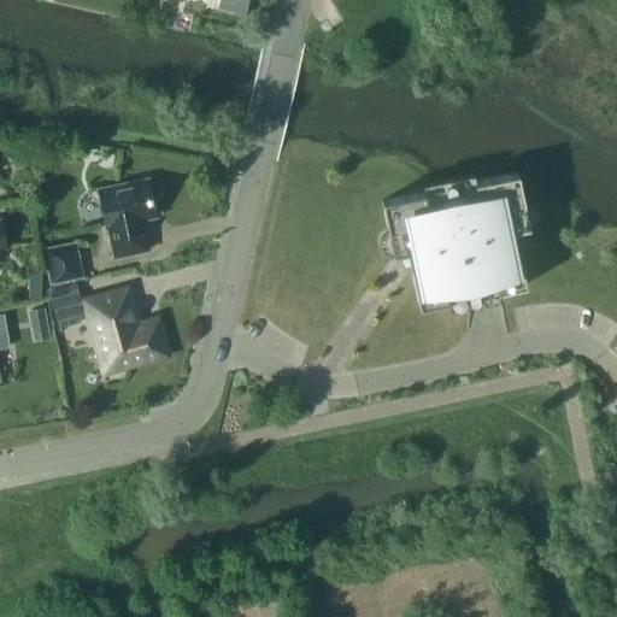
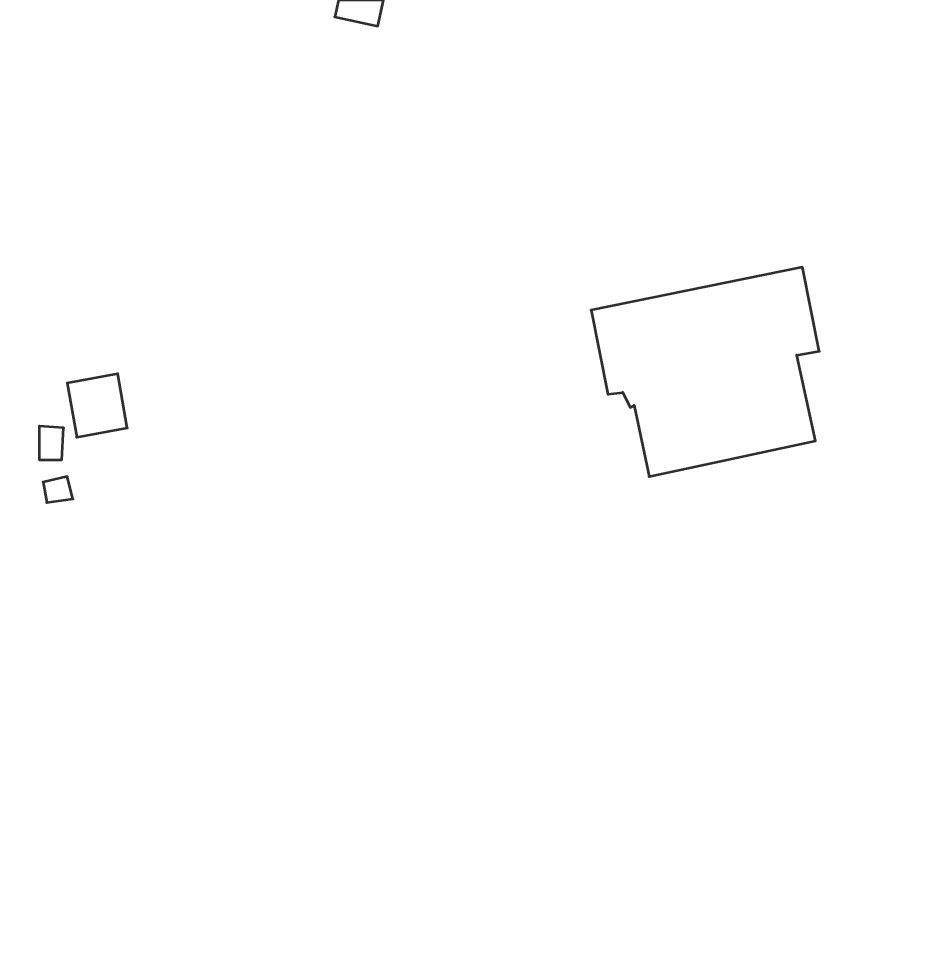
building: [100,180,161,258] -> none
building: [49,281,168,370] -> none

